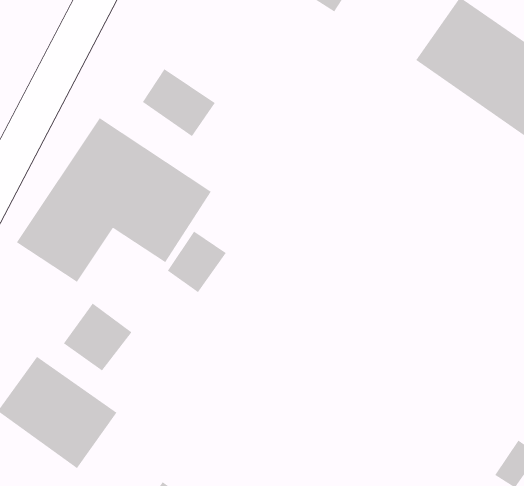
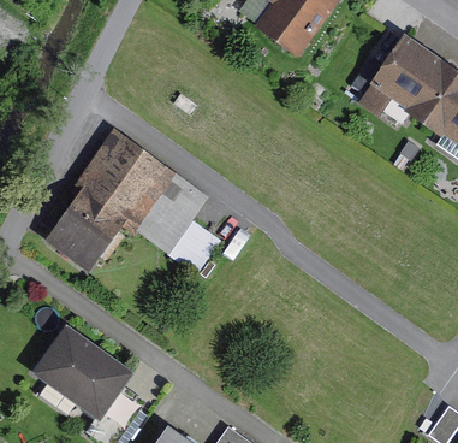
building: [142,68,216,137] -> none
building: [63,303,132,371] -> none

